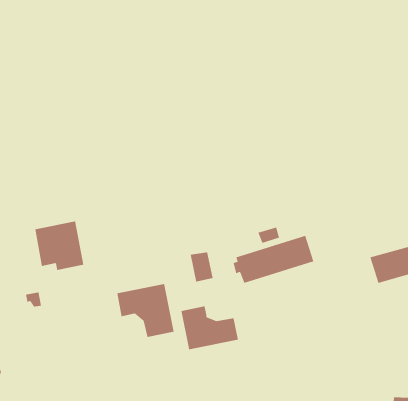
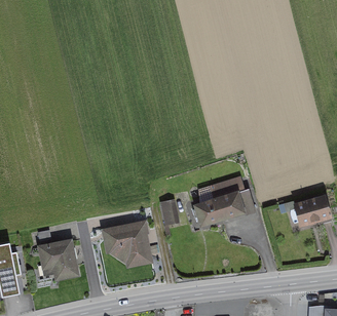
building: [34,221,84,270] -> [39,241,76,278]
building: [181,305,238,350] -> none

